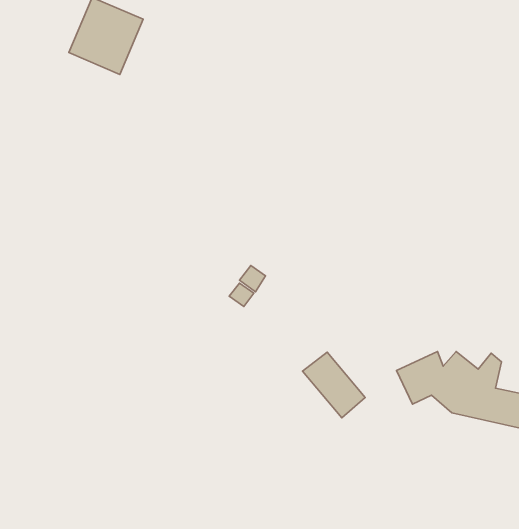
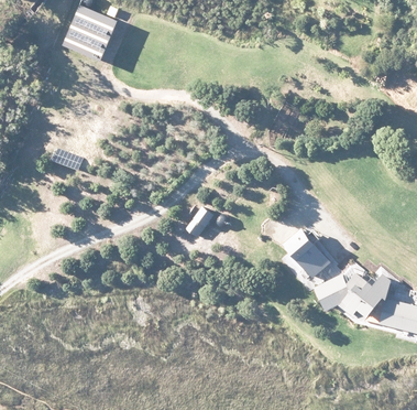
building: [302,352,365,418] -> [282,228,329,278]

